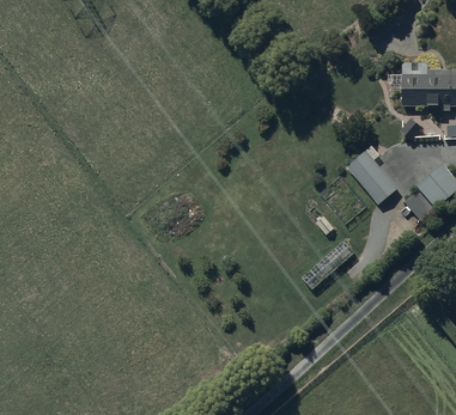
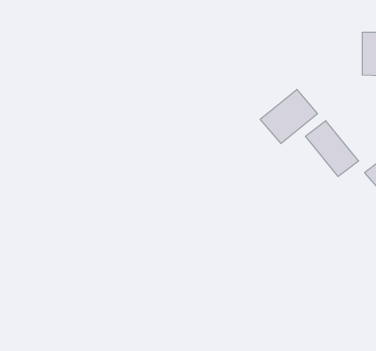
building: none -> [260,89,318,144]

